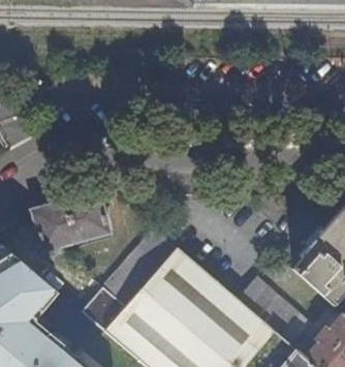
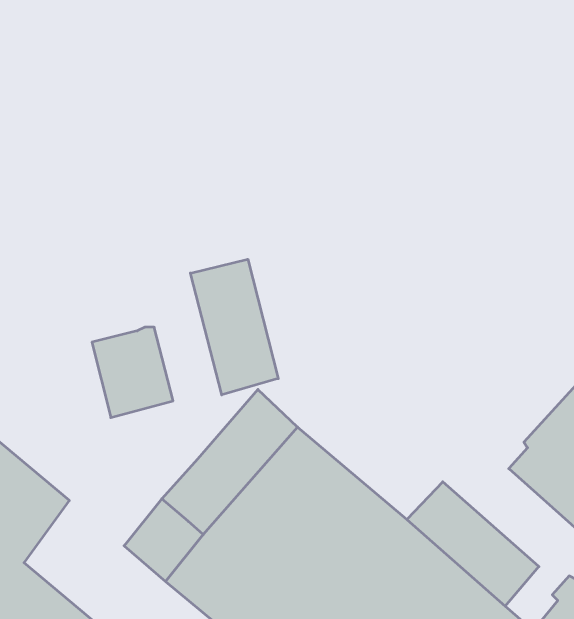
building: none -> [190,259,278,395]
building: [32,201,75,250] -> none

